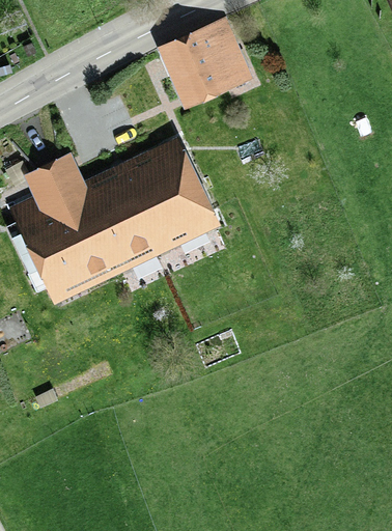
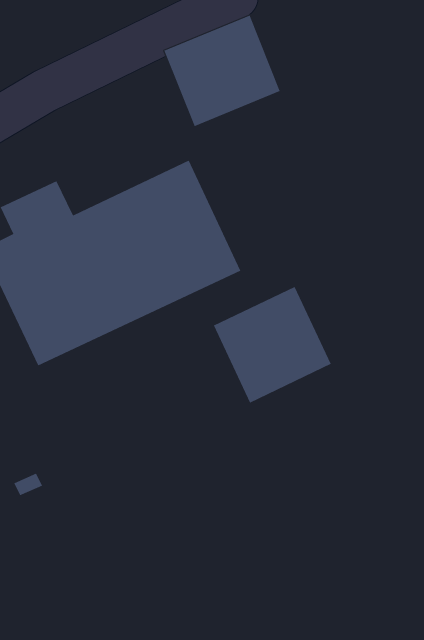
building: none -> [213,286,331,403]

